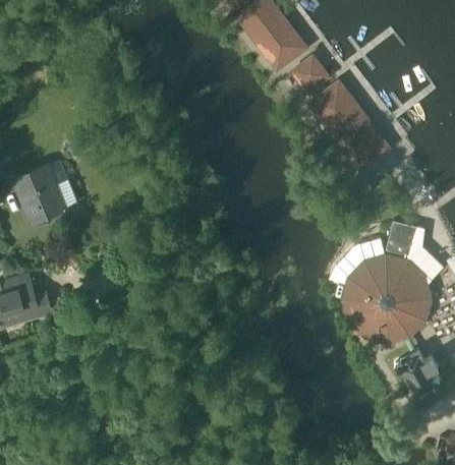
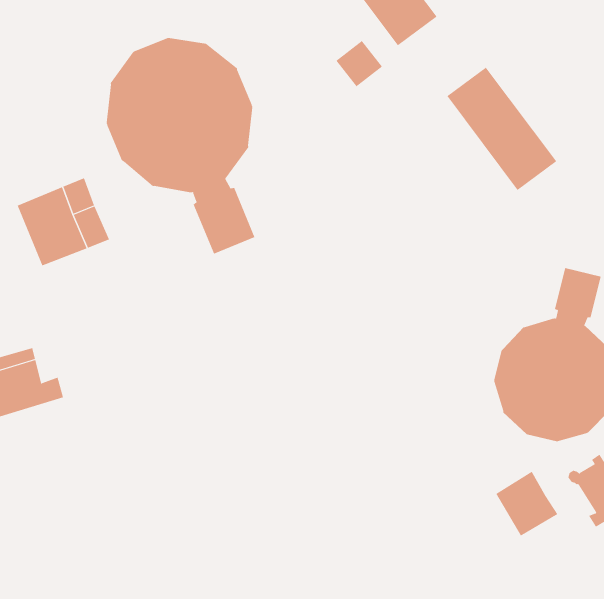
building: [294,57,327,90] -> [336,40,383,87]
building: none -> [106,37,255,254]
building: none -> [495,471,558,536]

